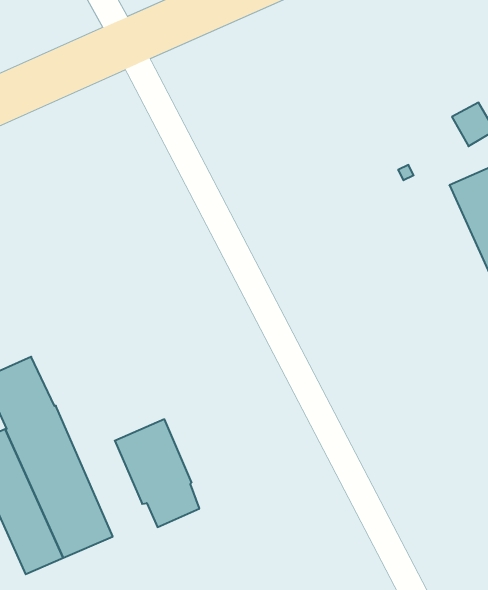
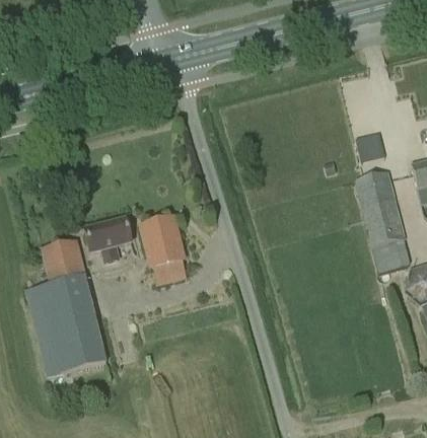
building: none -> [84,217,131,261]
building: [115,419,199,527] -> [140,215,186,282]

